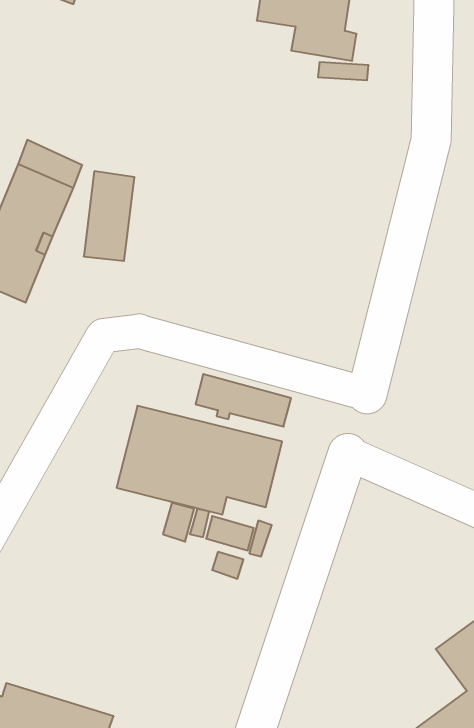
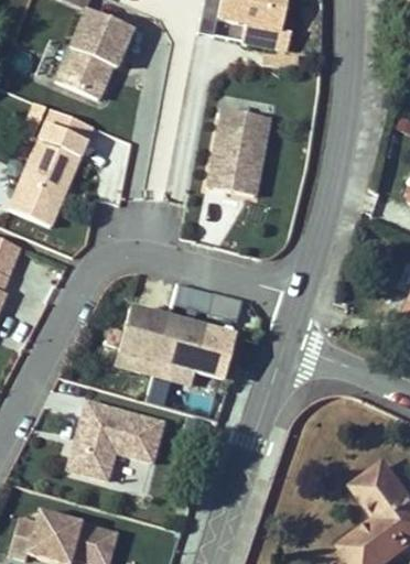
building: none -> [56,10,132,98]
building: none -> [207,105,274,196]
building: none -> [64,400,159,478]

